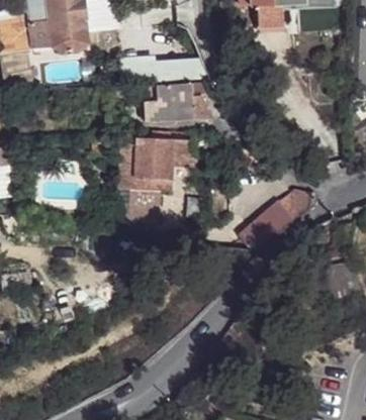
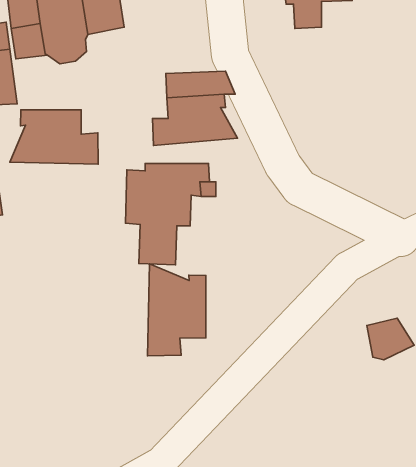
building: none -> [10,110,98,164]
building: [237,186,312,249] -> none
building: none -> [147,264,206,356]

